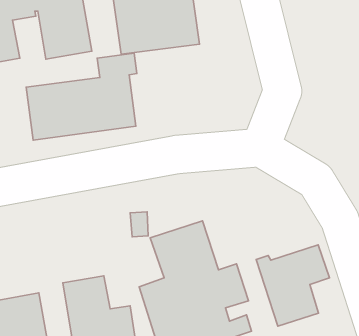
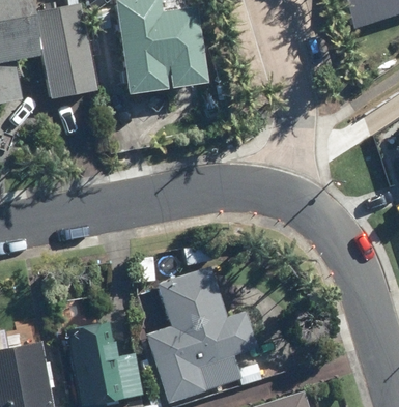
building: [26,53,137,140] -> none
building: [256,245,330,326] -> none

